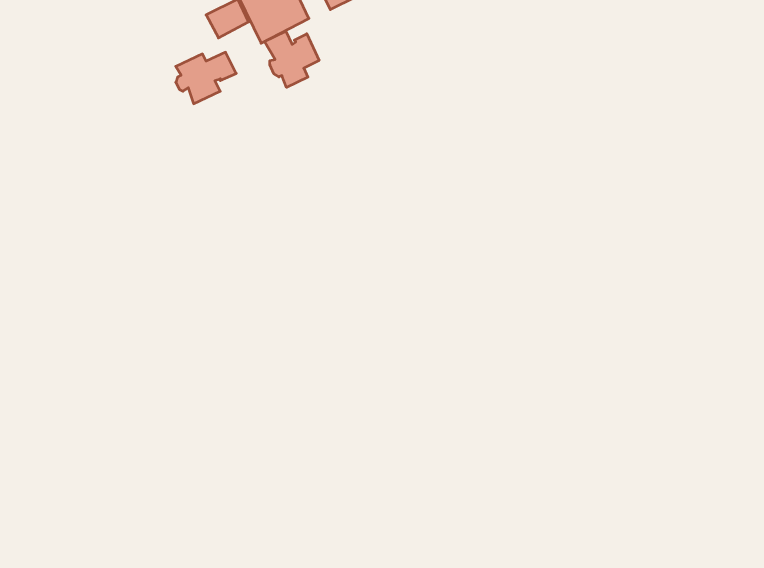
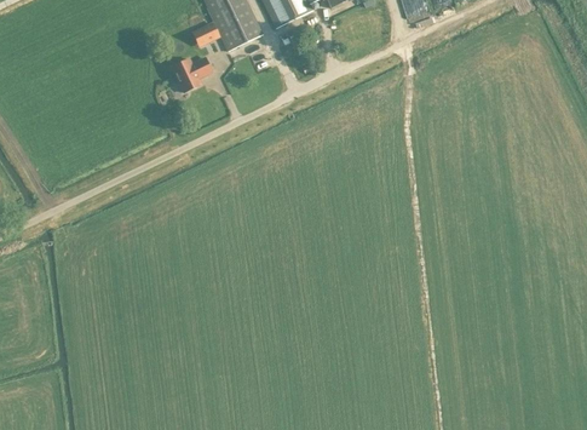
building: [265,31,319,87] -> none

